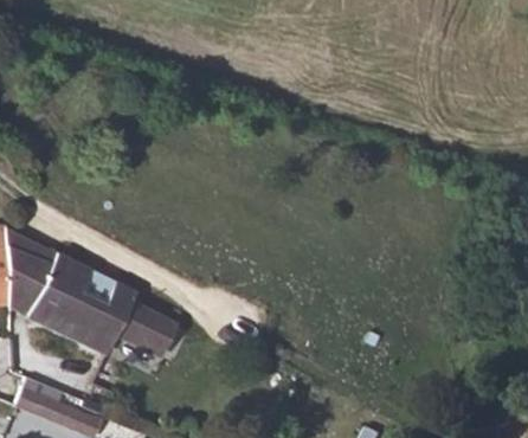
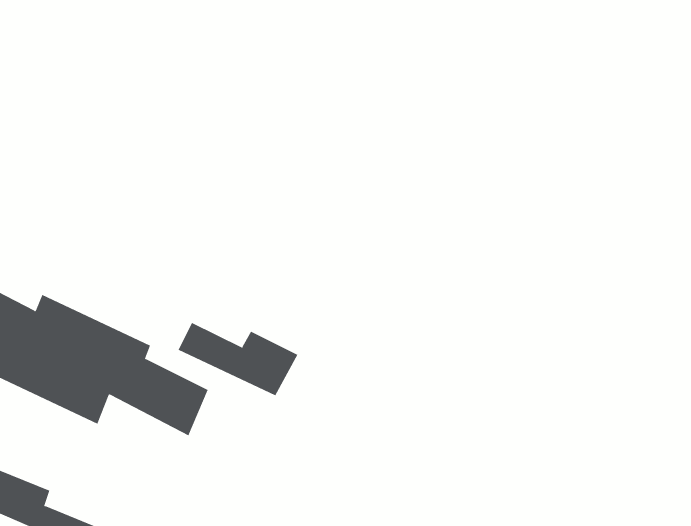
building: none -> [178,322,298,396]

